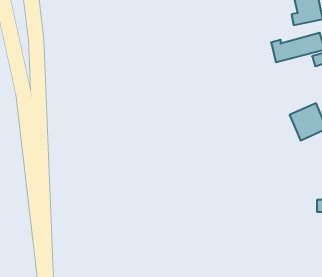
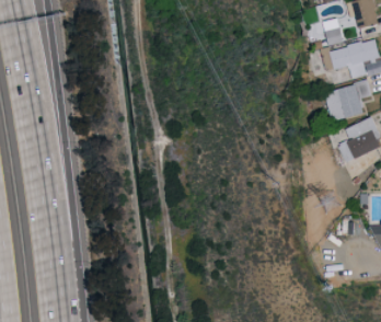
building: none -> [313,18,344,46]
building: none -> [324,81,372,122]

